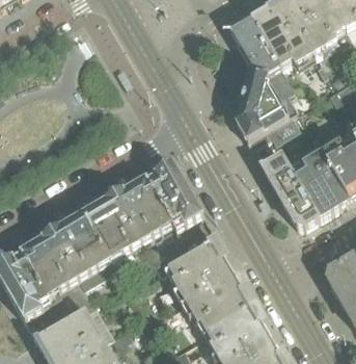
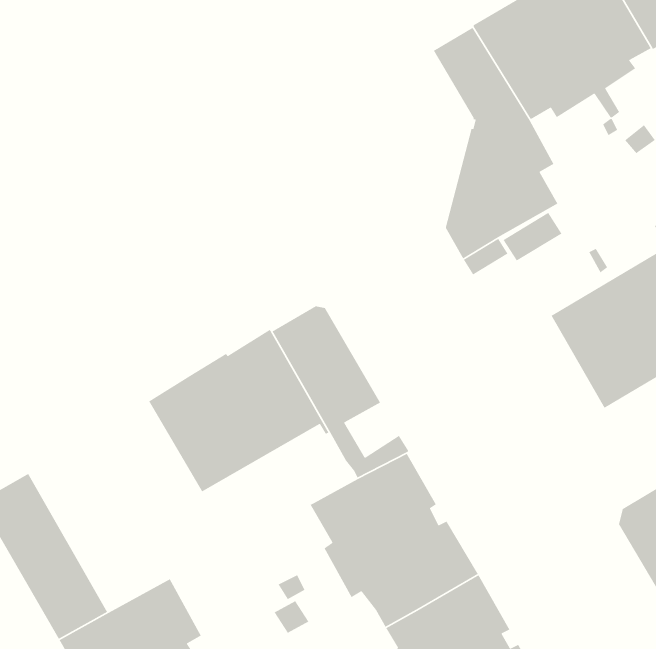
building: [255,145,319,224] -> none
building: [19,210,109,320] -> none

